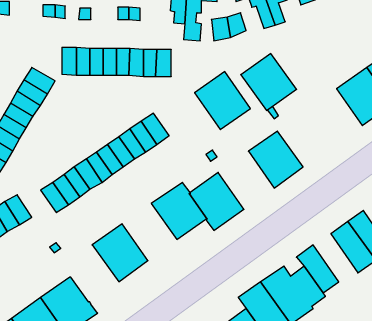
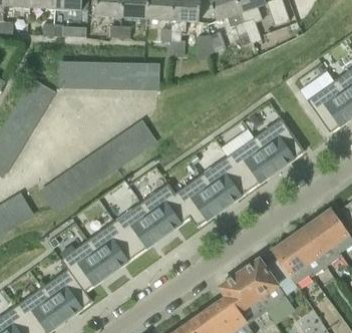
building: [241,54,297,110] -> [254,118,304,170]
building: [195,72,250,130] -> [201,155,251,208]
building: none -> [114,203,163,254]
building: none -> [286,230,326,276]
building: none -> [60,240,111,291]

